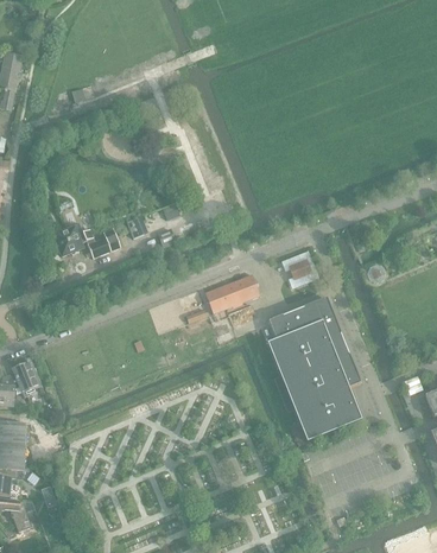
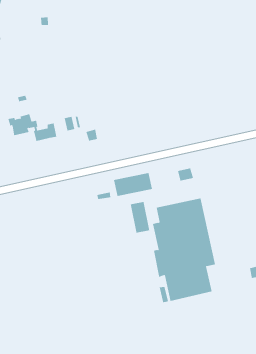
building: none -> [130,201,150,234]

